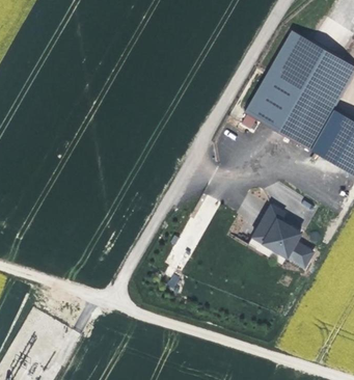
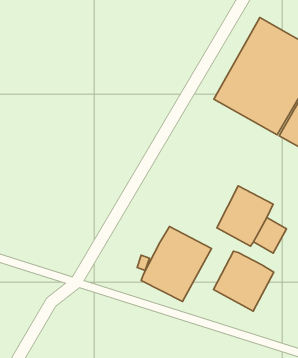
building: none -> [141,226,211,301]
building: none -> [214,251,274,311]

